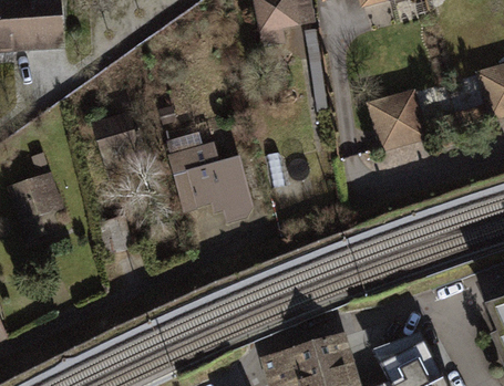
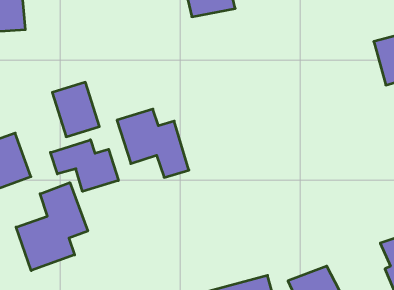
building: [369,83,431,147] -> none
building: none -> [50,140,118,191]
building: none -> [16,183,88,271]

